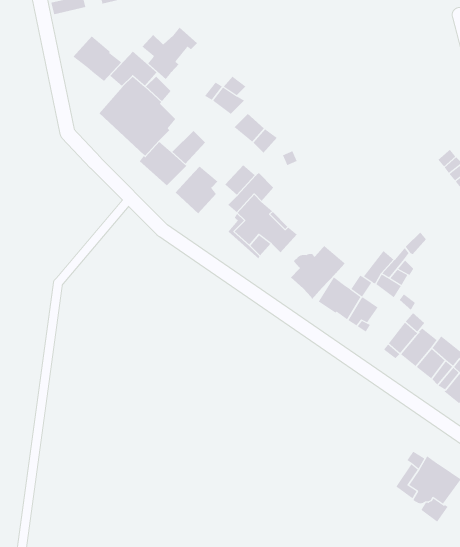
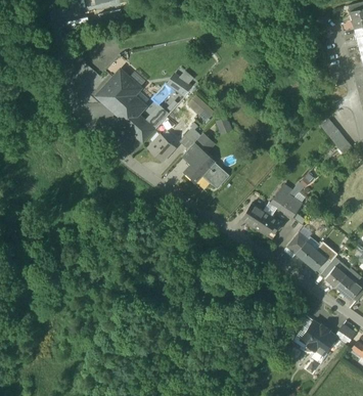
building: [142,27,198,80] -> none
building: [73,35,122,82] -> none
building: [290,244,345,300] -> none

